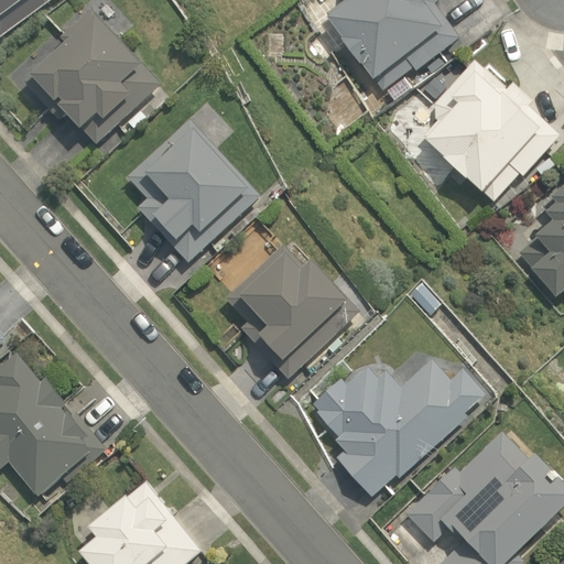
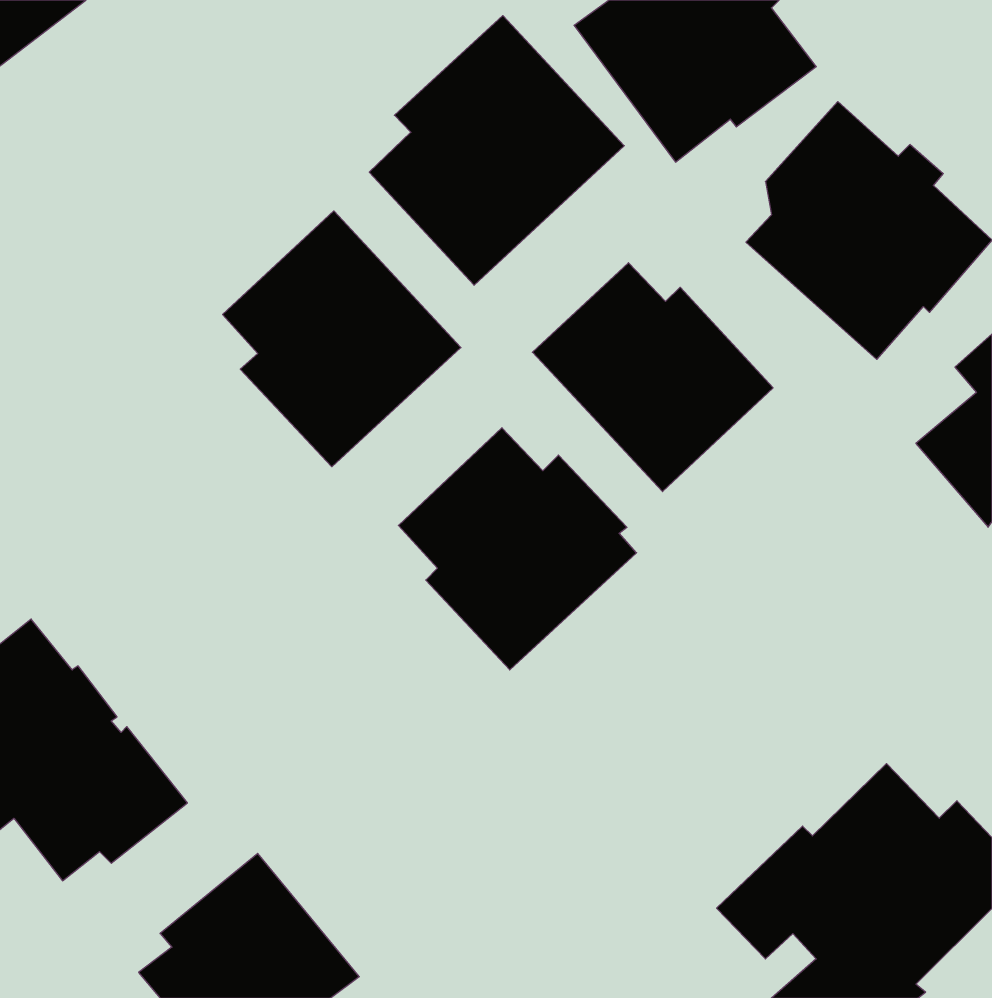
building: none -> [369,16,624,285]
building: [24,9,160,143] -> none
building: none -> [532,263,773,492]
building: [312,360,486,497] -> none

